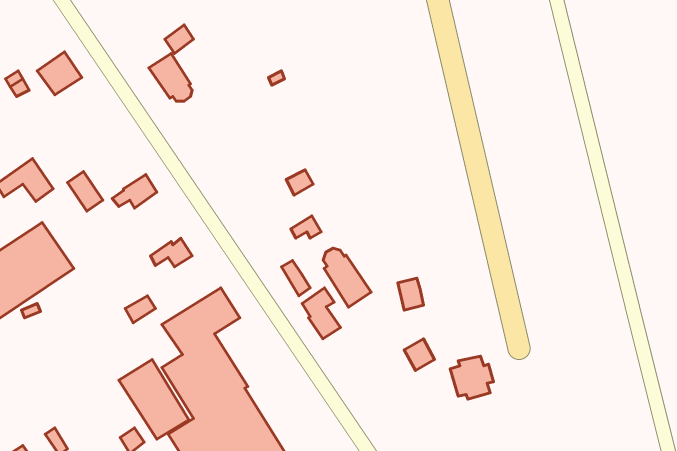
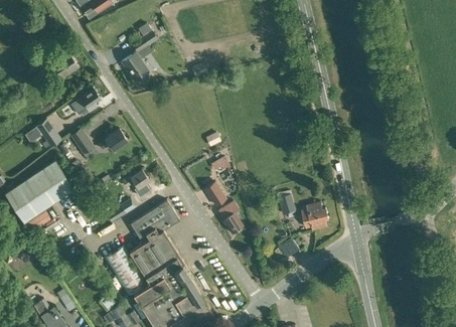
building: none -> [71,89,101,116]
building: [323,248,371,307] -> none
building: [450,356,493,399] -> [302,203,329,230]

